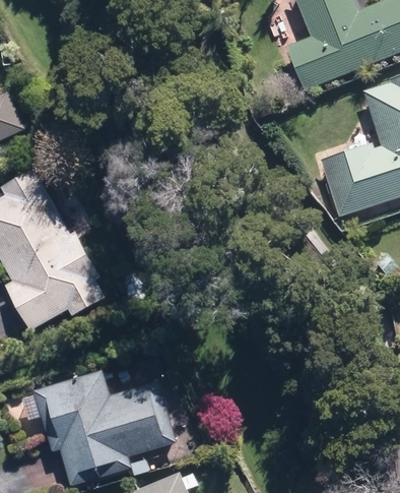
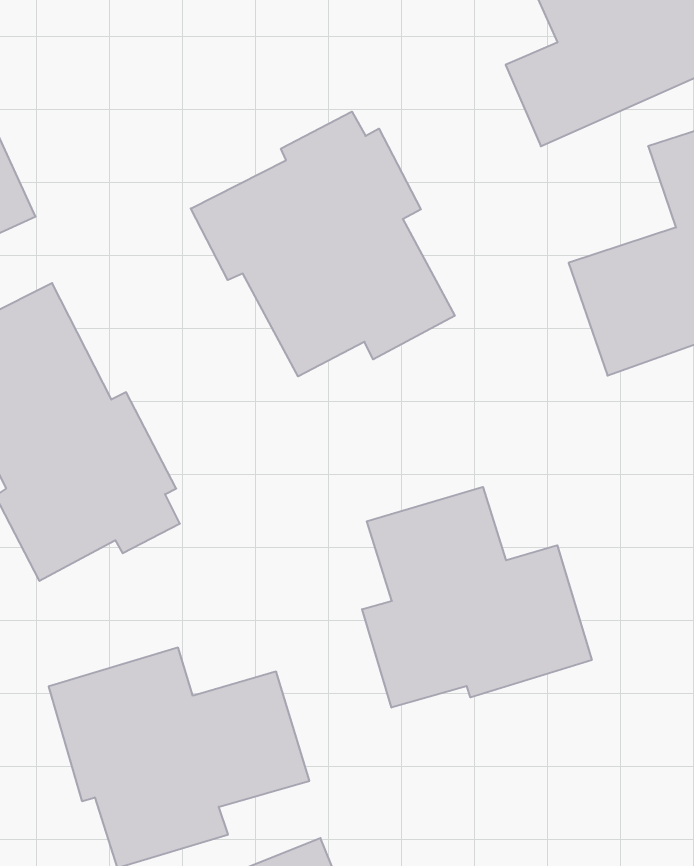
building: none -> [191,112,455,376]
building: none -> [362,487,592,708]

